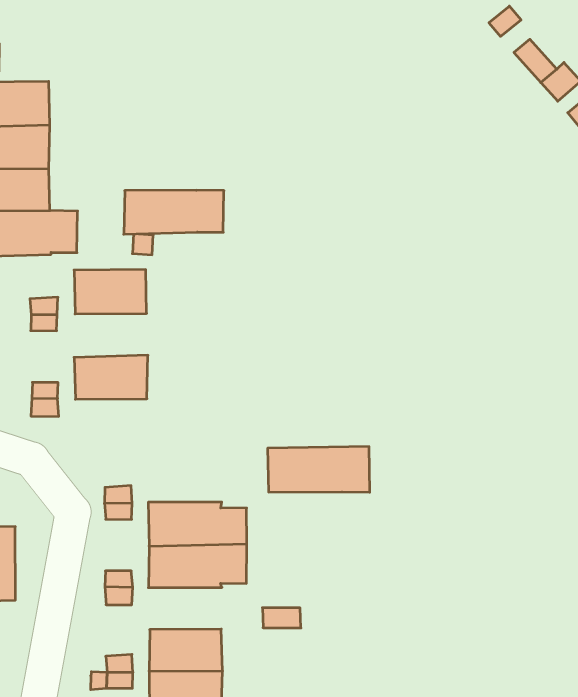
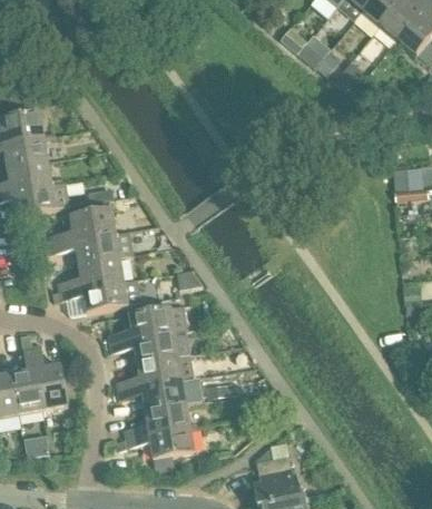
building: [124,190,224,234] -> [75,229,134,263]
building: none -> [82,277,141,311]
building: [268,447,370,492] -> [128,303,189,337]
building: none -> [140,379,185,409]

